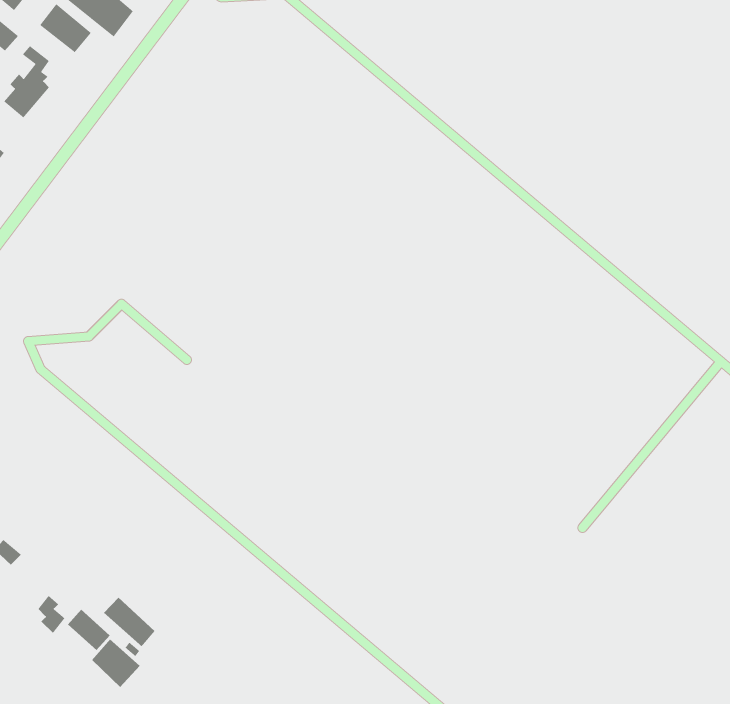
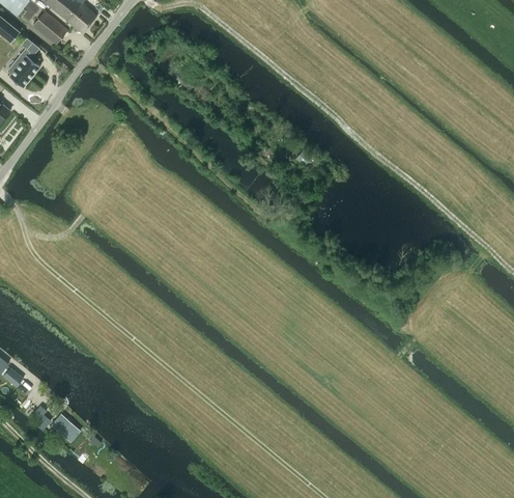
building: [103,597,156,647] -> none
building: [91,638,140,688] -> none

